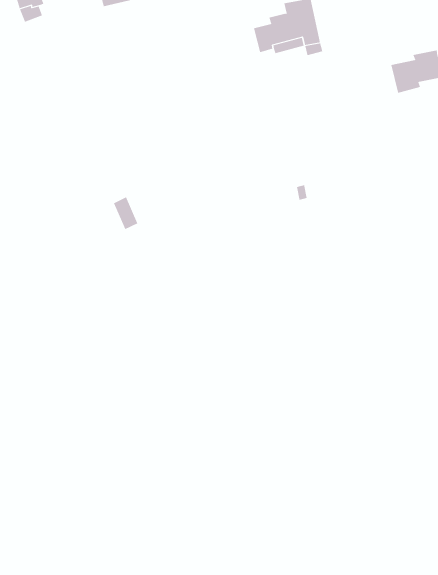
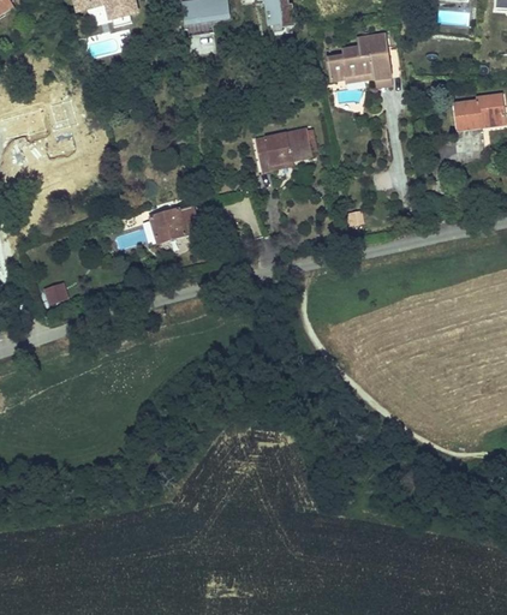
building: none -> [257,127,311,171]
building: none -> [149,208,186,243]

